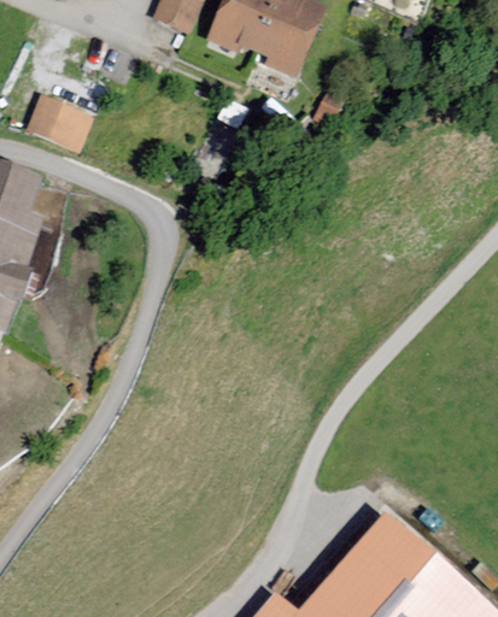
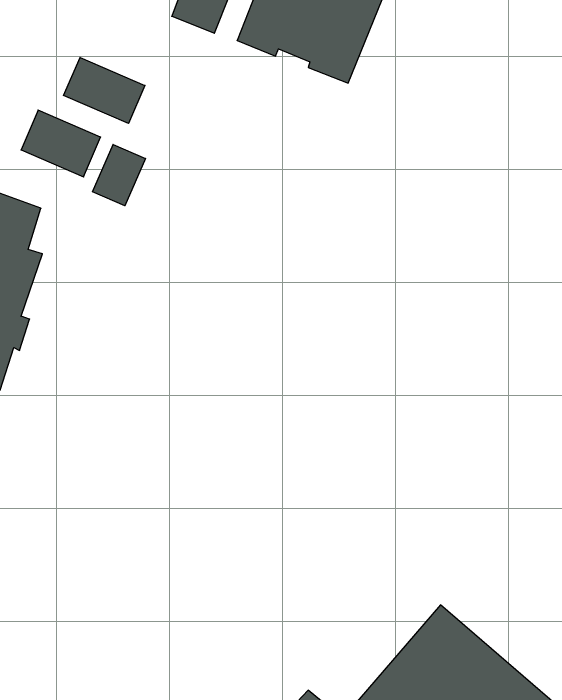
building: none -> [64,57,145,123]
building: none -> [93,144,145,206]

